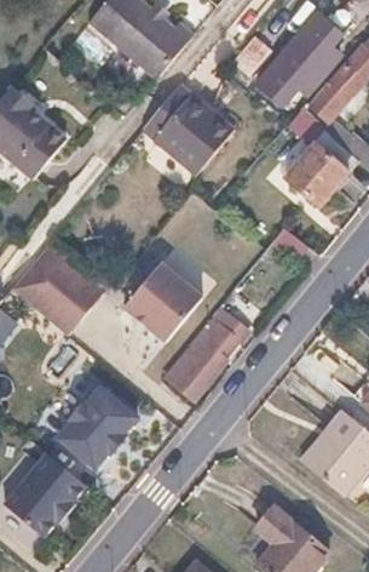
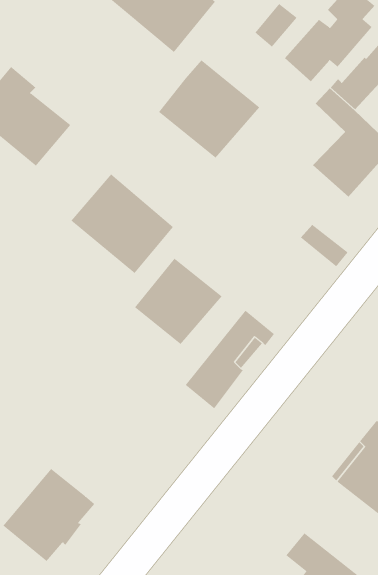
building: [12,245,105,336] -> [71,173,174,274]
building: [58,387,137,469] -> none

